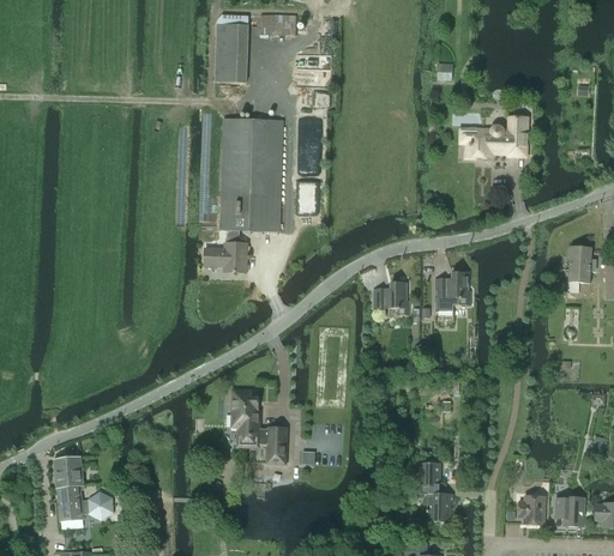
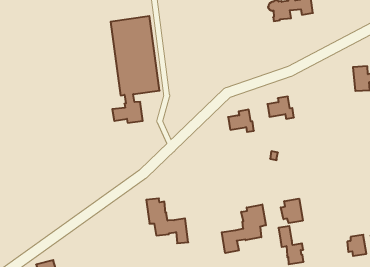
building: none -> [222,204,266,253]
building: none -> [281,199,303,223]

